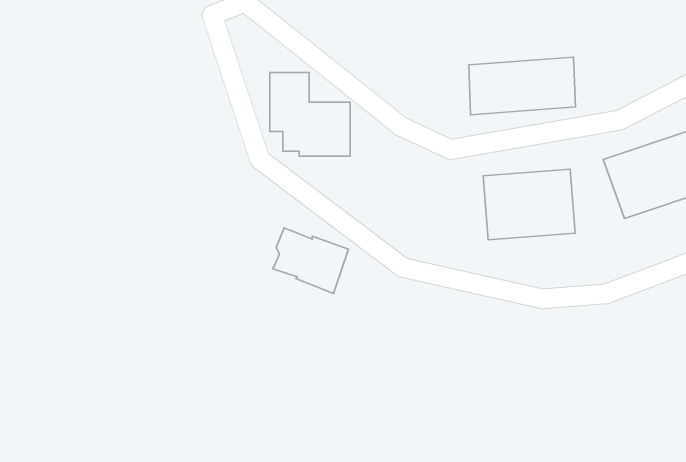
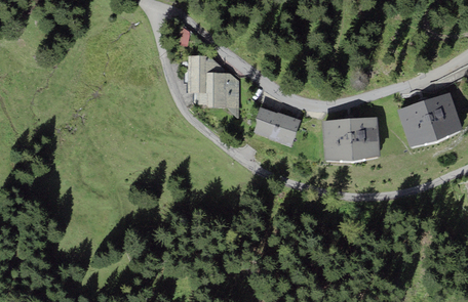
building: [469,57,576,115] -> none
building: [273,228,348,293] -> [254,106,301,147]

